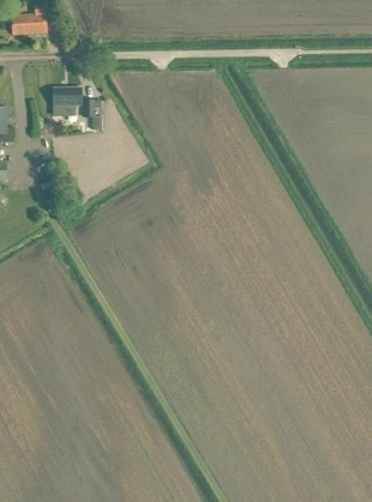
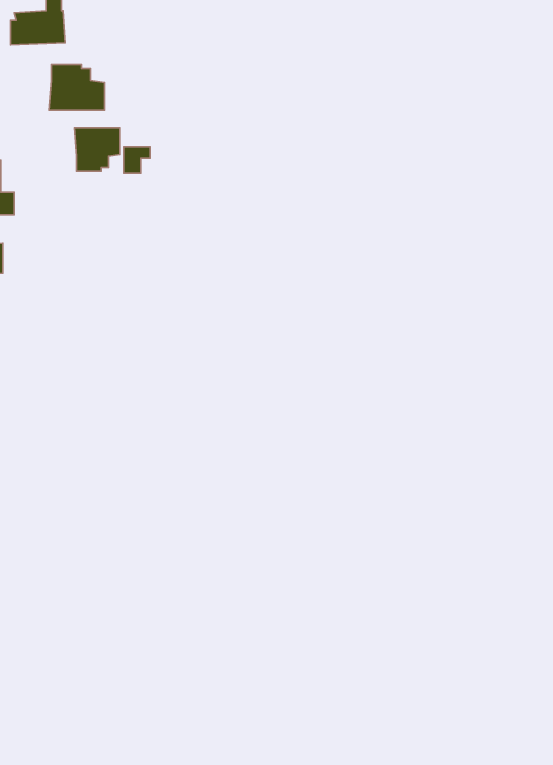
building: none -> [49,65,104,110]

